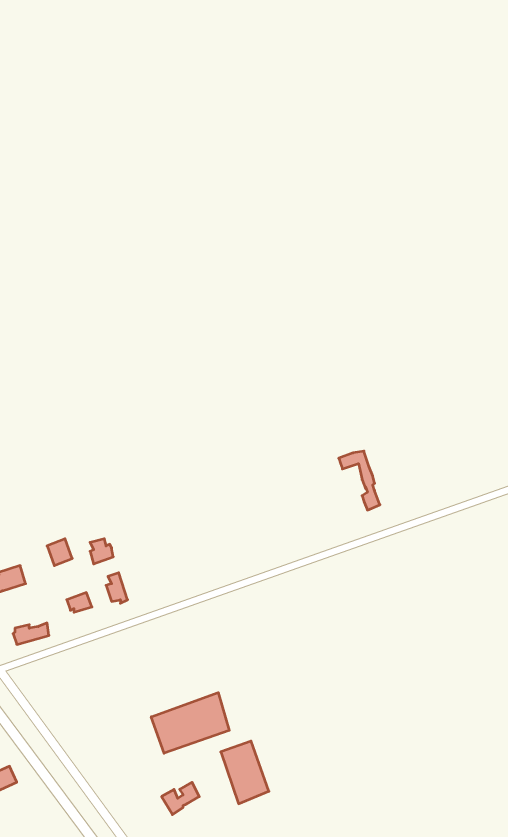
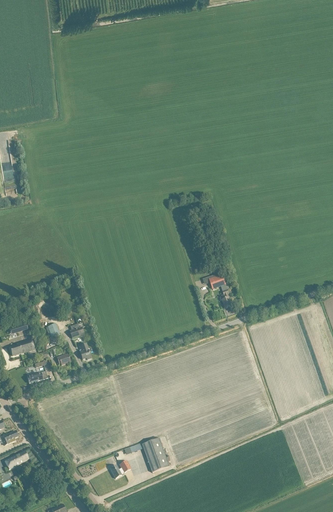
building: [151,693,229,753] -> none

